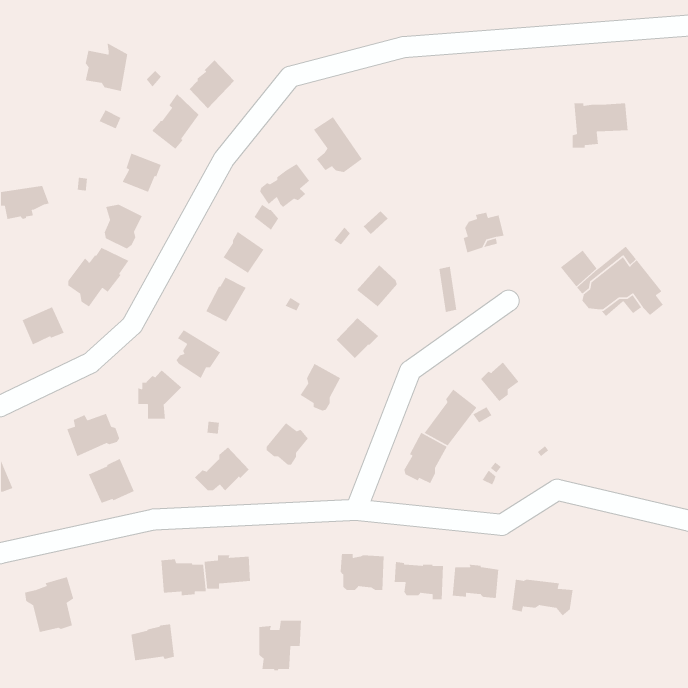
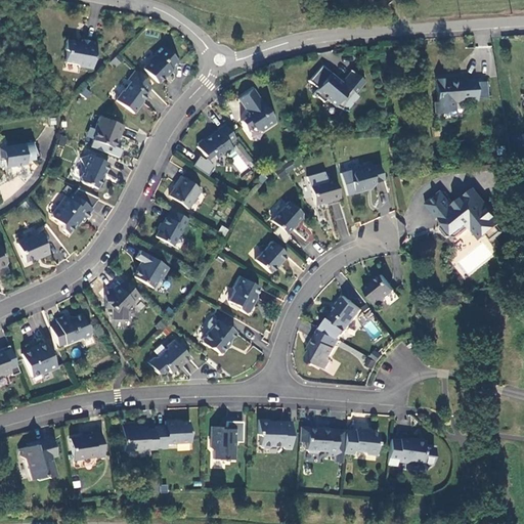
building: none -> [310,64,365,111]
building: none -> [310,177,341,205]
building: [88,458,135,504] -> [21,341,57,376]
building: [259,620,302,671] -> [212,421,245,460]
building: [130,623,175,661] -> [71,431,104,460]

